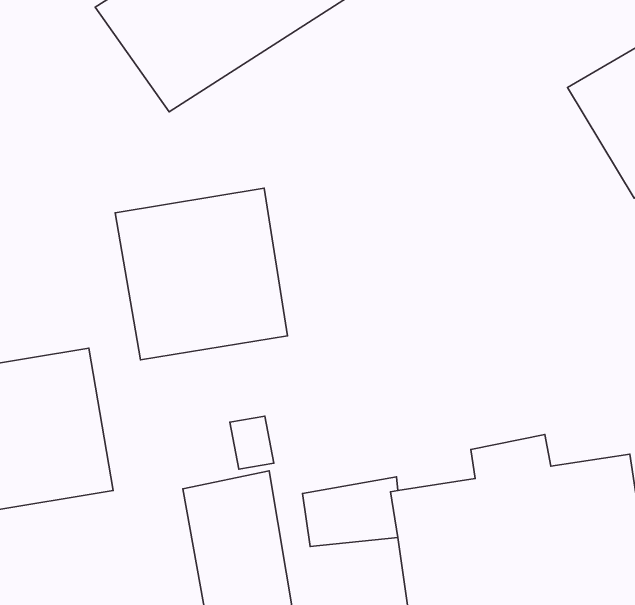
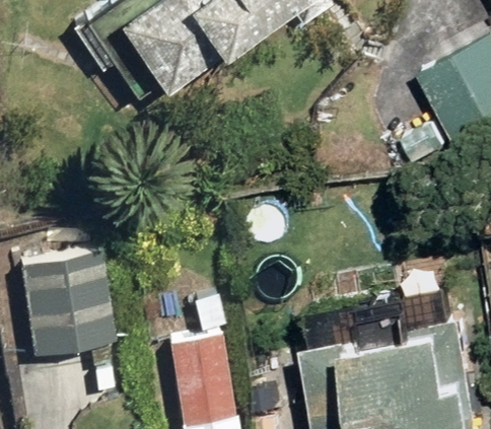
building: [115,188,288,360] -> none

